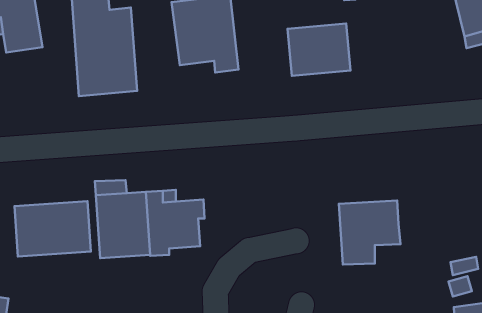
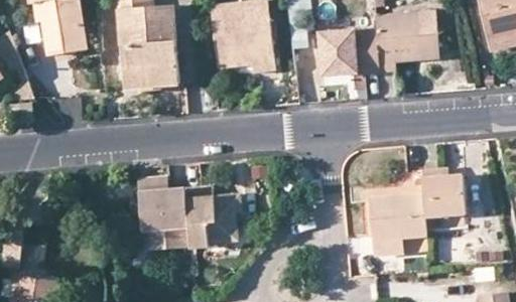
building: none -> [375,11,439,72]
building: none -> [422,169,467,217]
building: [14,201,91,256] -> none

